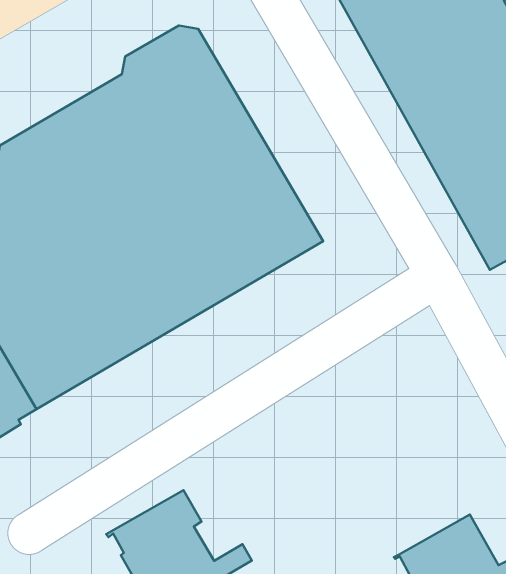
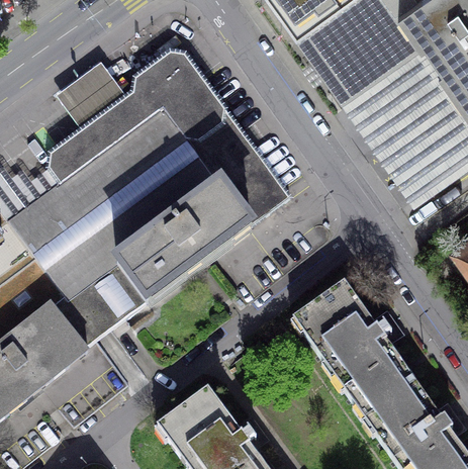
building: none -> [57,64,125,129]
building: none -> [292,282,416,418]

